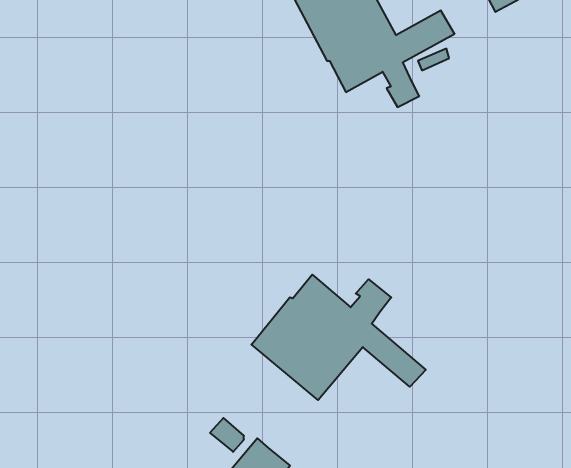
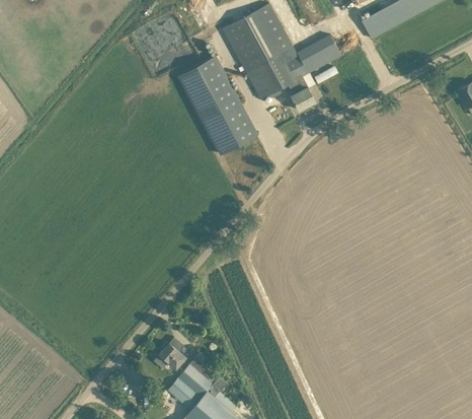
building: none -> [179,57,257,155]
building: [251,275,426,400] -> none

